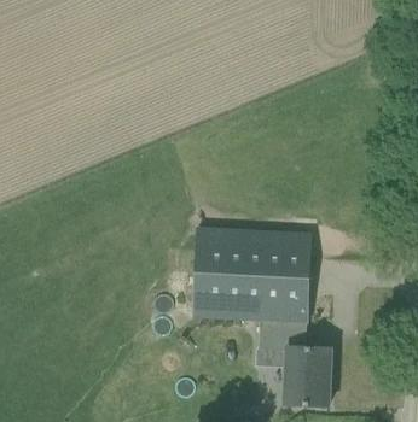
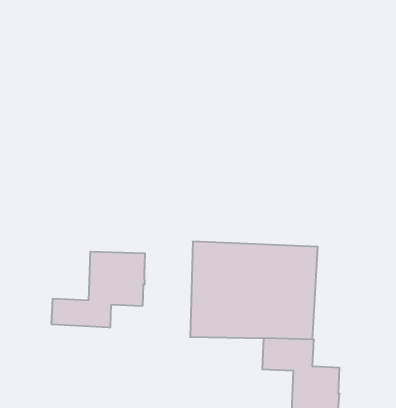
building: none -> [52,252,145,328]

